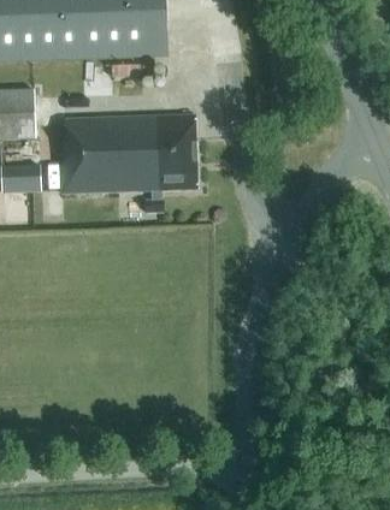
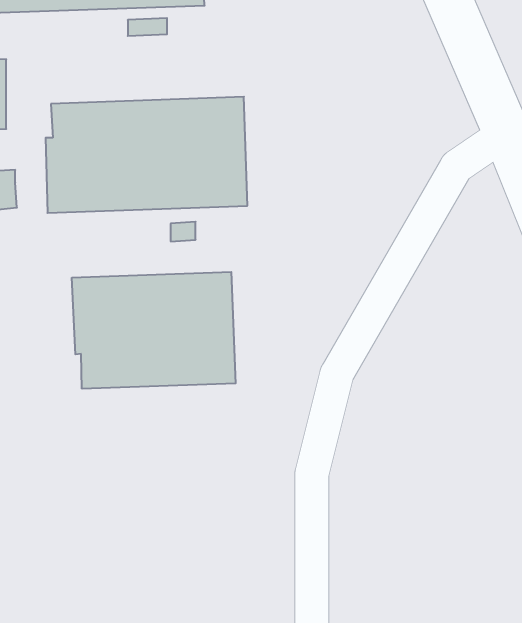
building: none -> [72,272,236,389]

